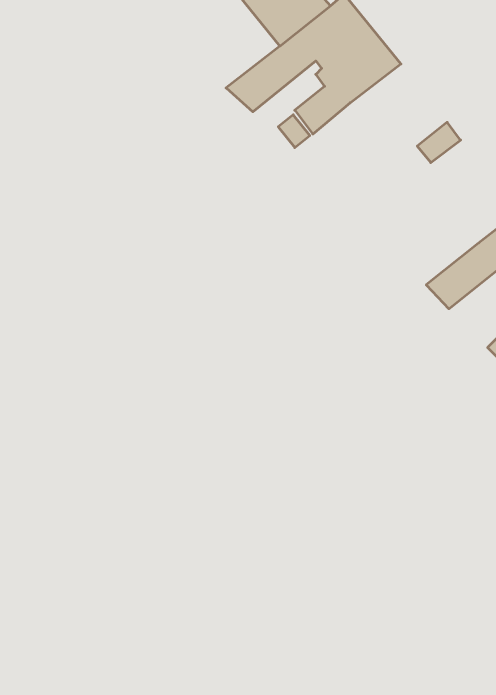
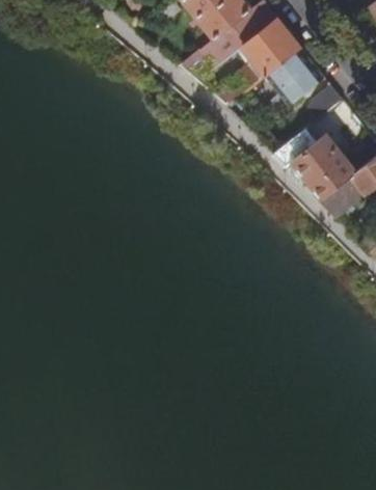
building: none -> [265,47,324,105]
building: none -> [272,133,354,200]

